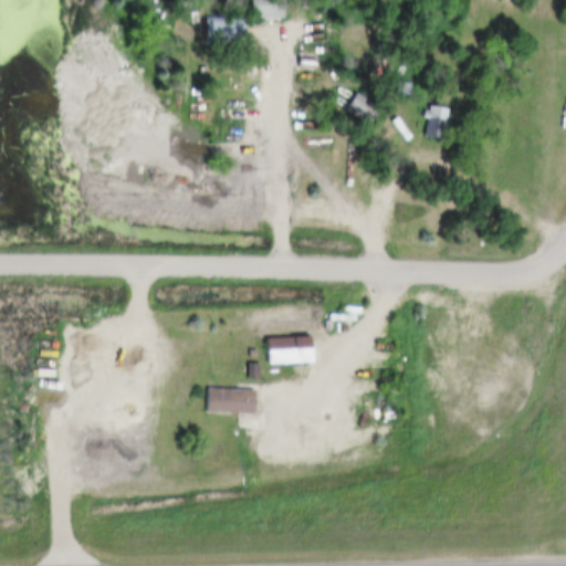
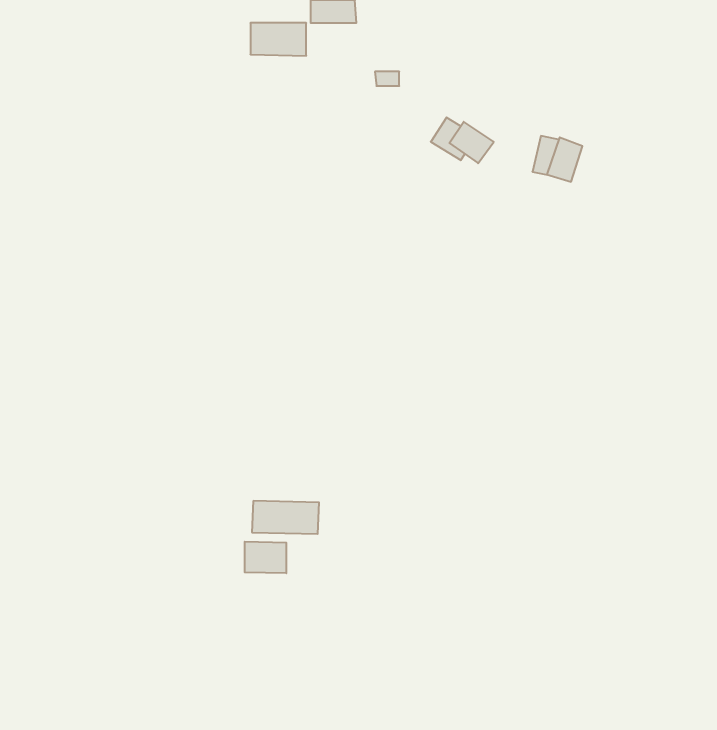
building: [265,334,314,364] -> none
building: none -> [245,542,286,573]

